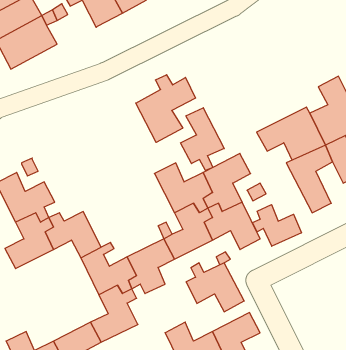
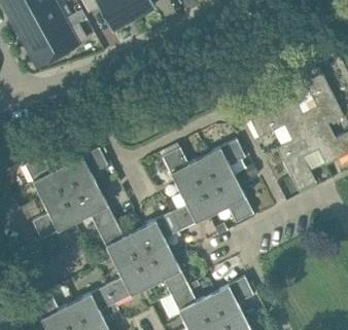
building: [136,75,196,142] -> none
building: [181,108,224,170] -> none
building: none -> [66,148,107,198]
building: [252,205,301,246] -> none
building: [186,263,244,312] -> [138,253,188,295]

